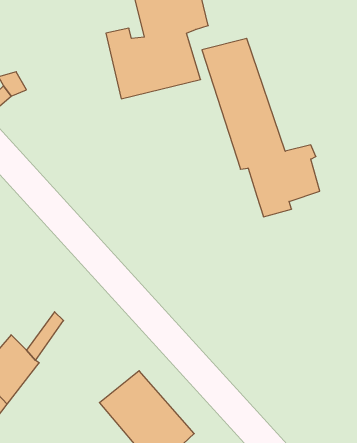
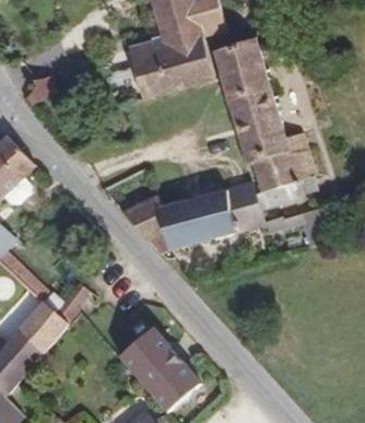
building: none -> [126,179,332,249]

